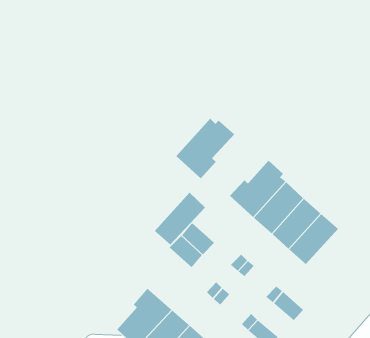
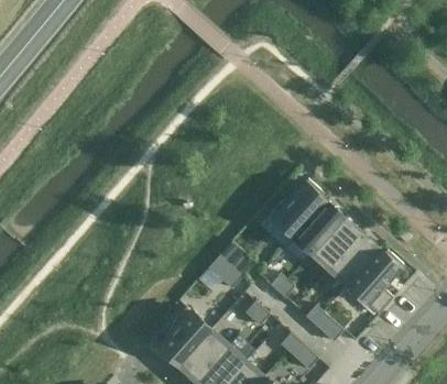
building: [175,118,235,179] -> none
building: [154,192,206,246] -> none
building: none -> [346,249,402,315]

